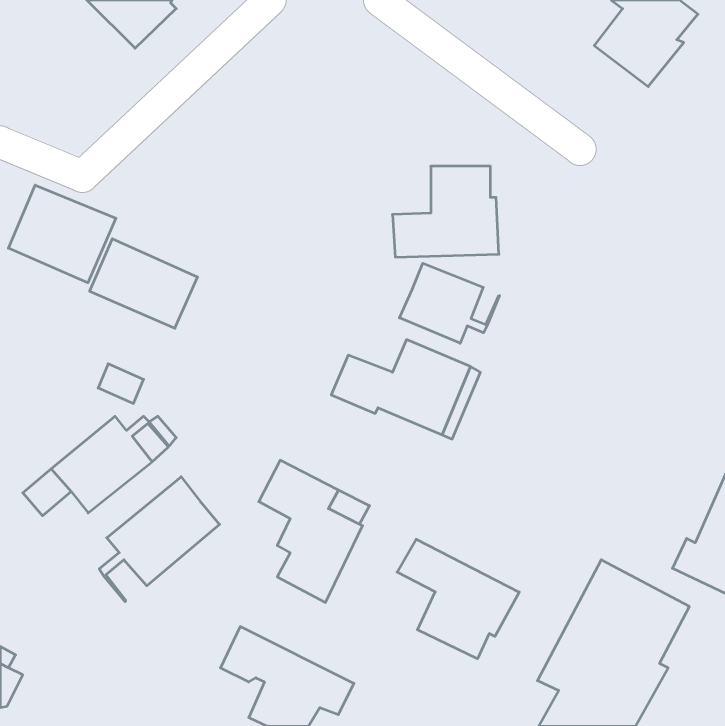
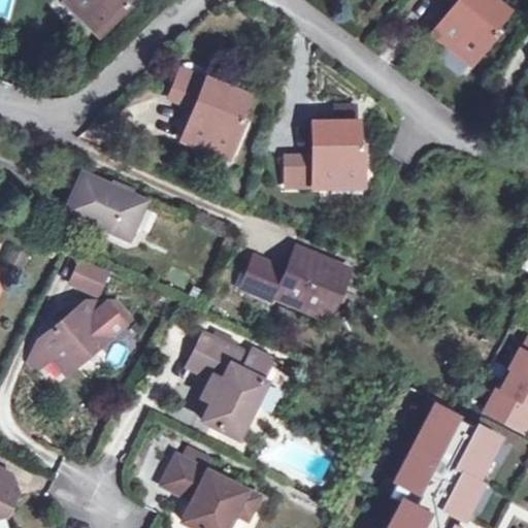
building: none -> [170,69,246,157]
building: [8,185,116,283] -> none
building: [399,263,500,343] -> none
building: [99,477,220,602] -> none
building: [397,539,519,659] -> none

